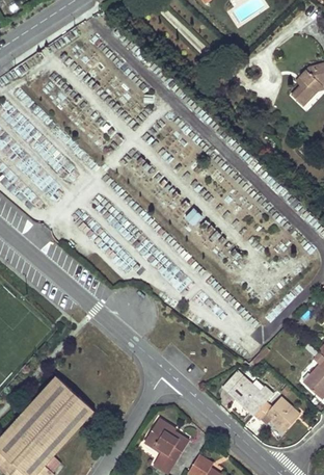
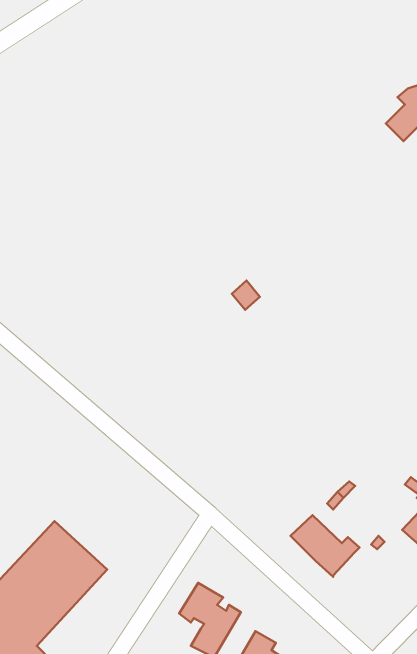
building: [253,398,297,433] -> none

